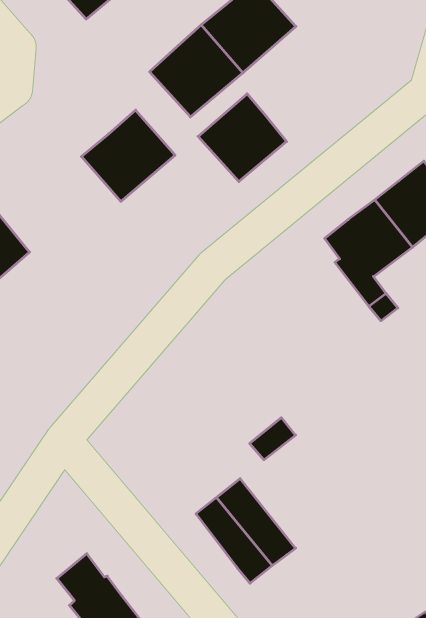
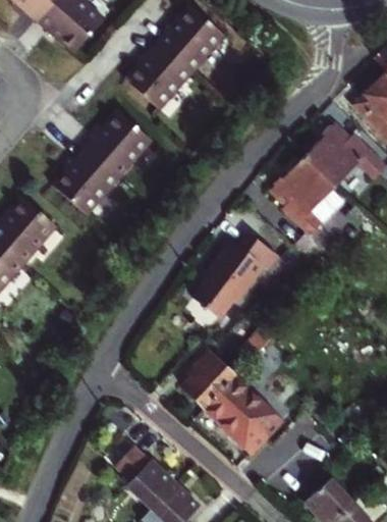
building: [198,94,287,182] -> none
building: none -> [53,154,118,219]
building: none -> [196,227,280,313]
building: none -> [184,349,235,403]

